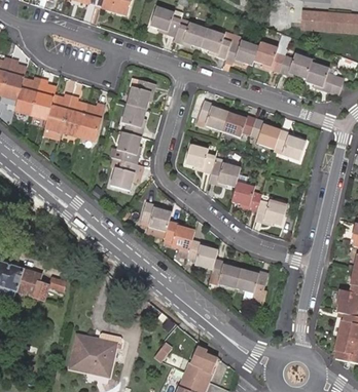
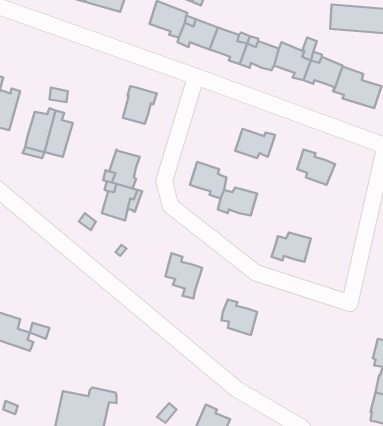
building: [31,81,56,119] -> none
building: [198,101,227,131] -> none
building: [120,104,145,136] -> none
building: [76,105,102,142] -> none
building: [249,118,279,150] -> none
building: [229,182,260,211] -> none
building: [140,199,171,237] -> none
building: [186,237,217,267] -> none
building: [235,267,266,304] -> none

